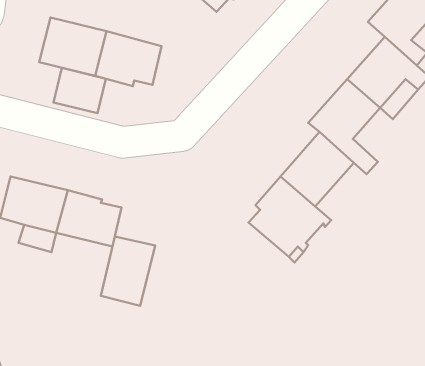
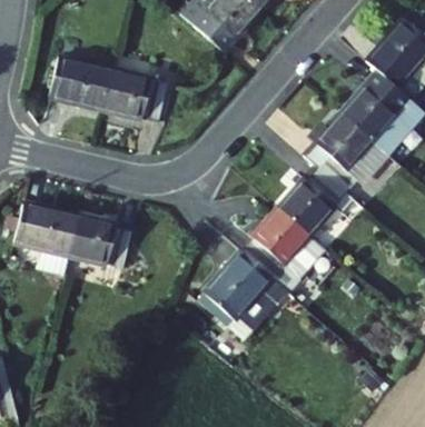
building: [54,68,106,113] -> none
building: none -> [211,248,281,319]
building: [101,236,155,306] -> none

